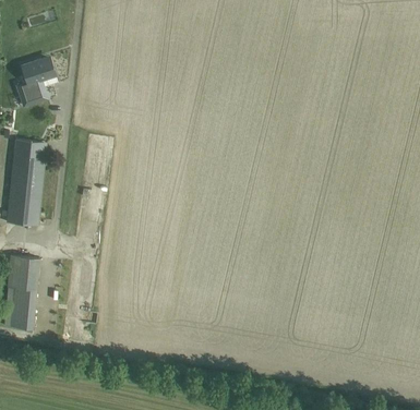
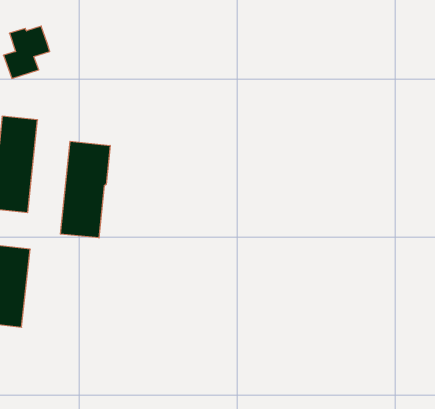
building: none -> [60,141,110,238]

